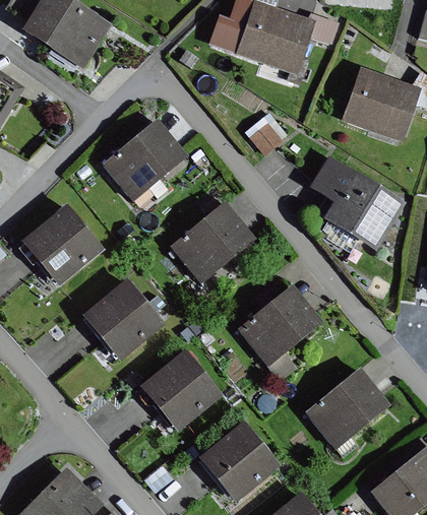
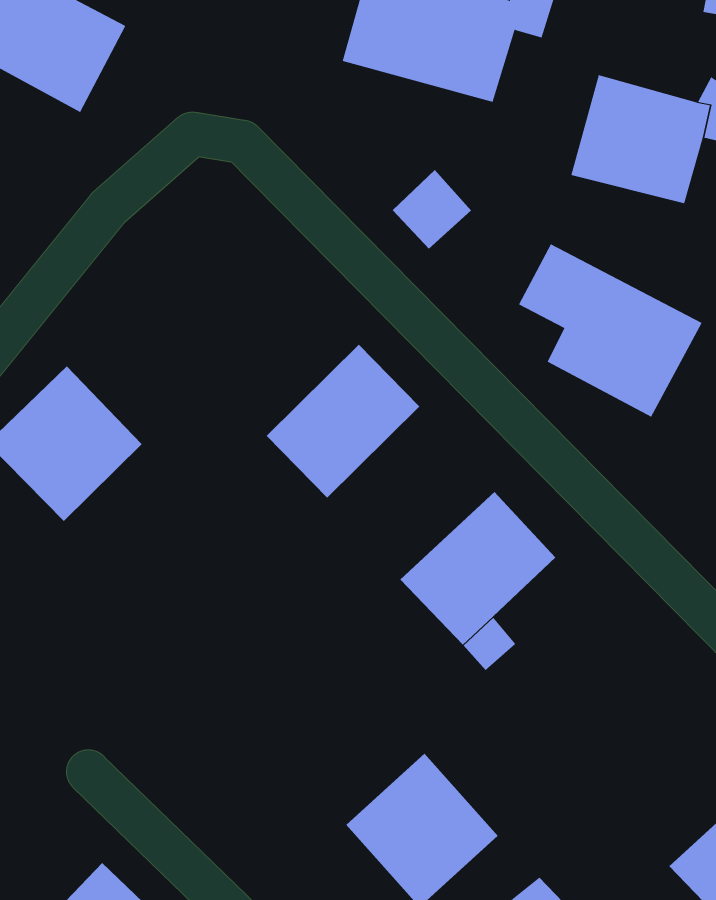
building: [103,119,186,200] -> none
building: [83,279,165,361] -> none
building: [138,350,222,433] -> none
building: [305,368,388,449] -> none

